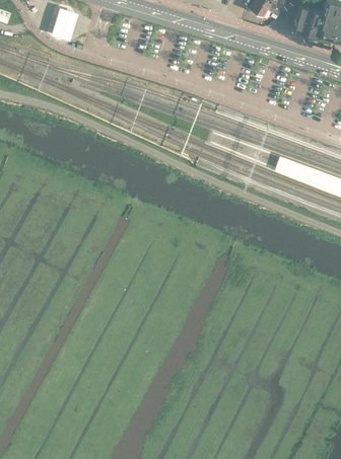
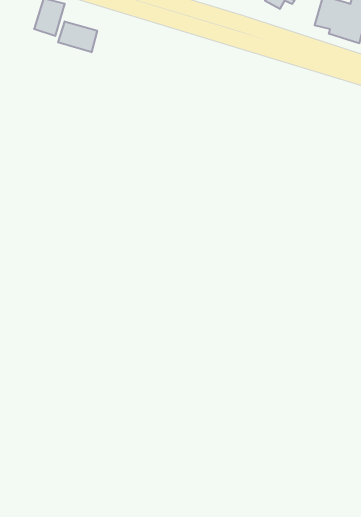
building: none -> [58,21,97,52]

